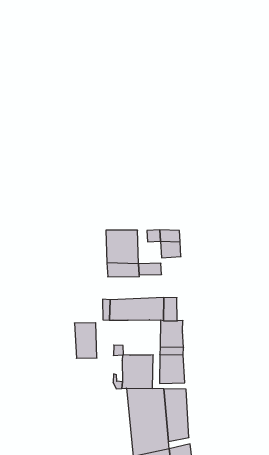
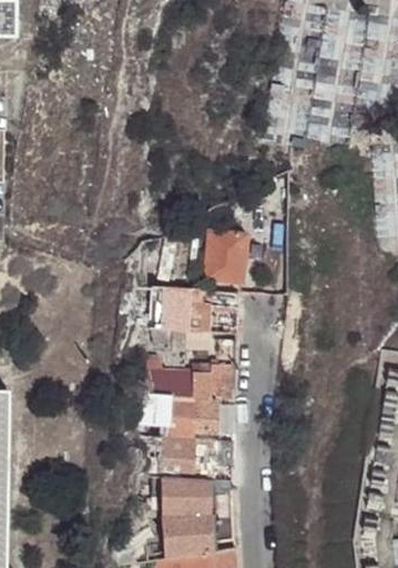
building: none -> [203,229,247,282]
building: [74,323,97,358] -> [170,395,195,438]

